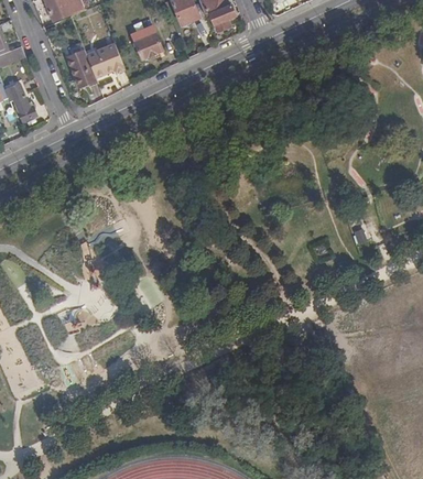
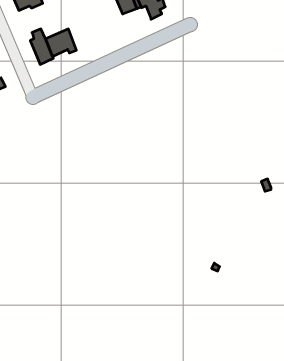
building: [131,25,163,59] -> none

